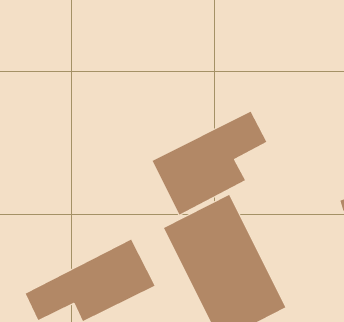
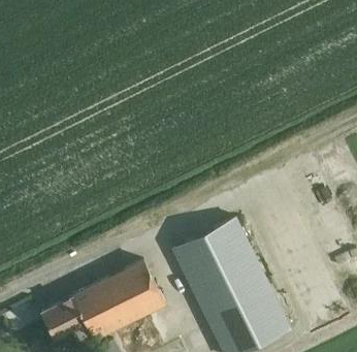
building: [152,111,267,215] -> none

